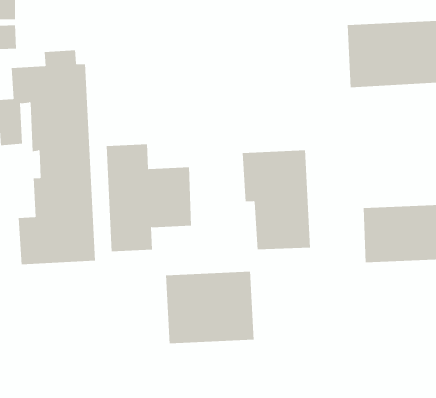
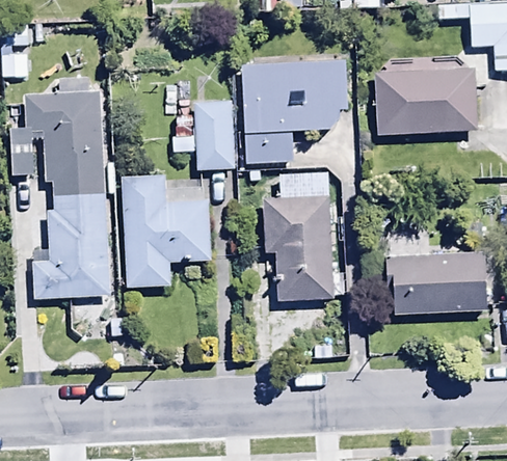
building: none -> [242,59,347,165]
building: none -> [171,102,235,171]
building: [166,271,254,344] -> none

